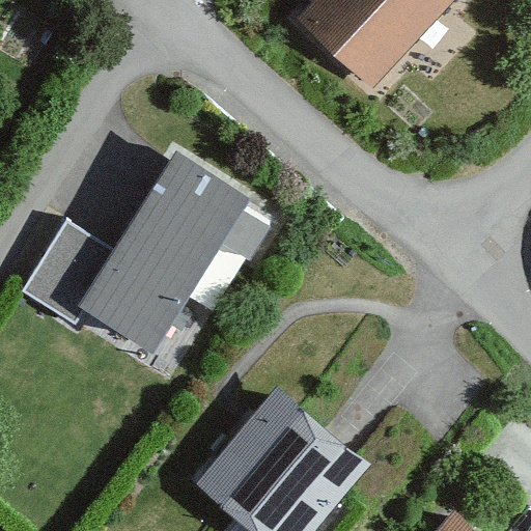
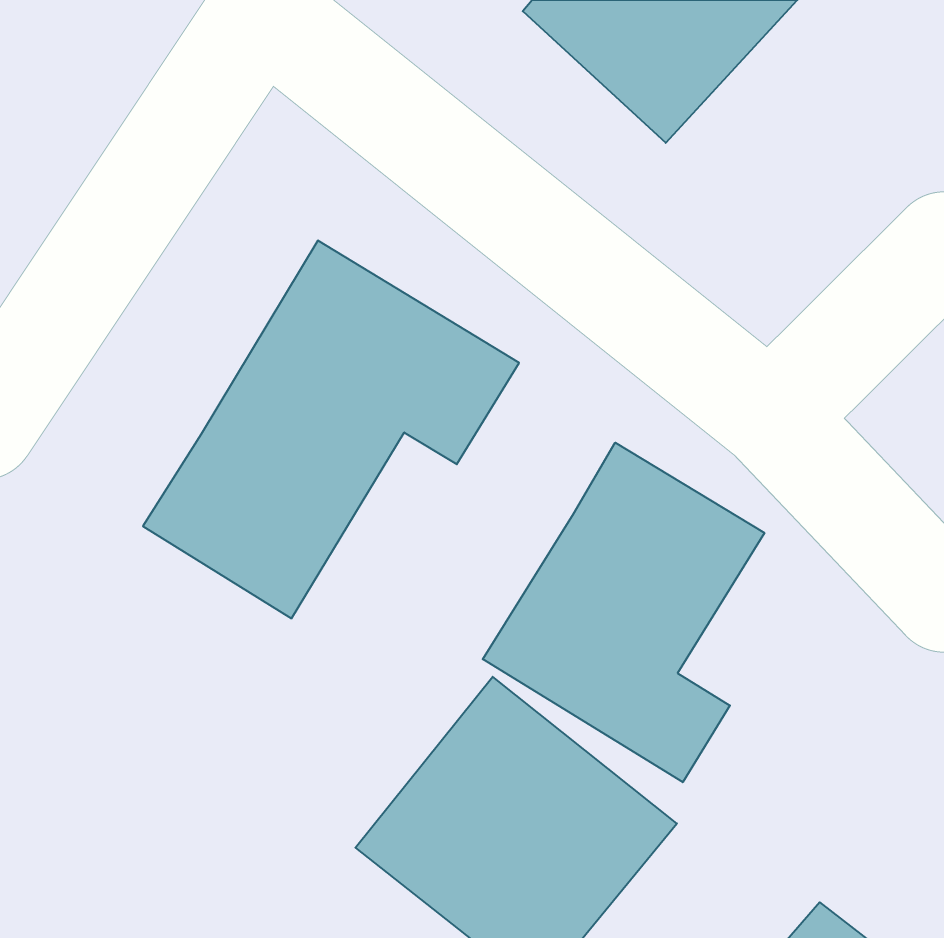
building: [20,222,111,322] -> none
building: none -> [483,443,764,782]

